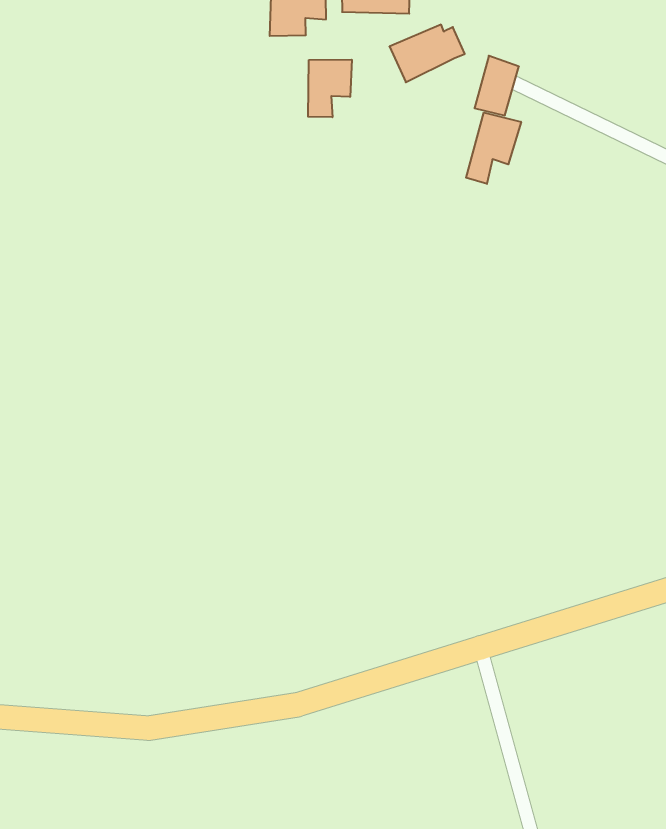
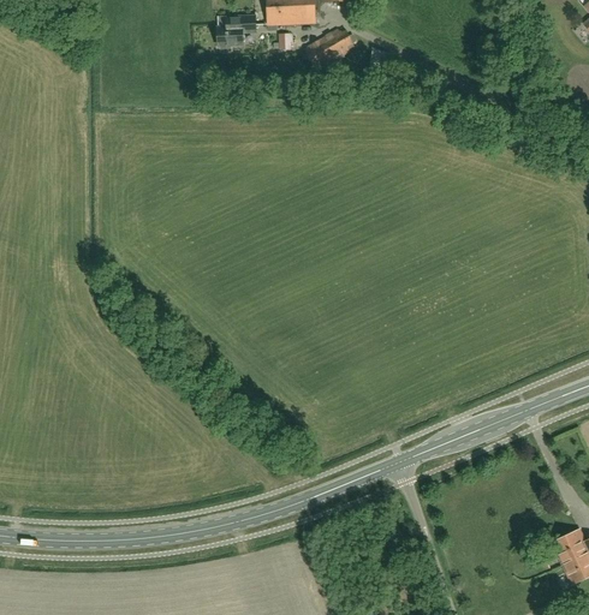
building: [308,60,352,117] -> none
building: [466,113,521,184] -> none

